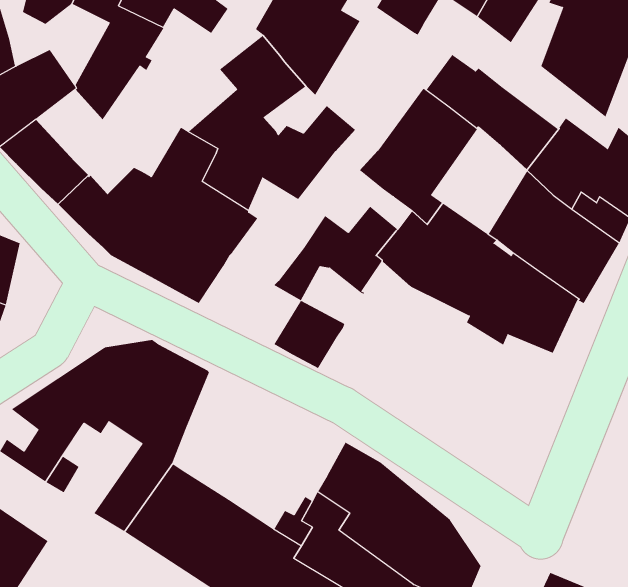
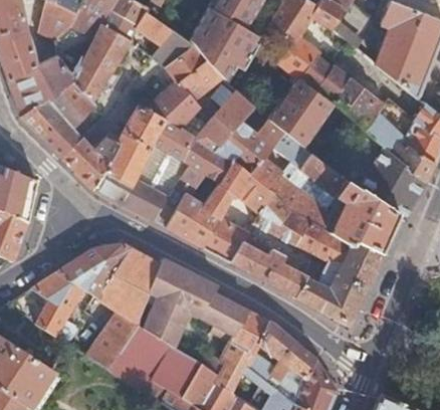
building: none -> [152,29,194,68]
building: none -> [277,39,320,81]
building: none -> [47,81,98,128]
building: none -> [153,122,271,246]
building: none -> [230,193,382,325]
building: none -> [142,257,247,347]

